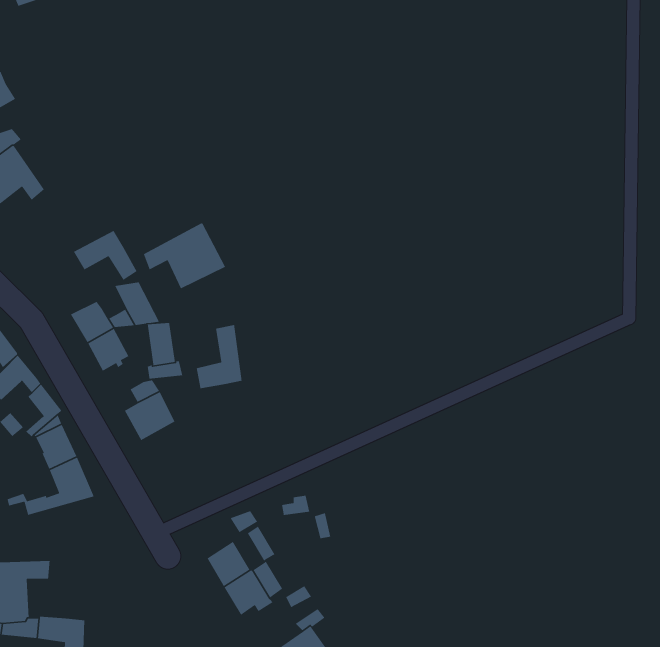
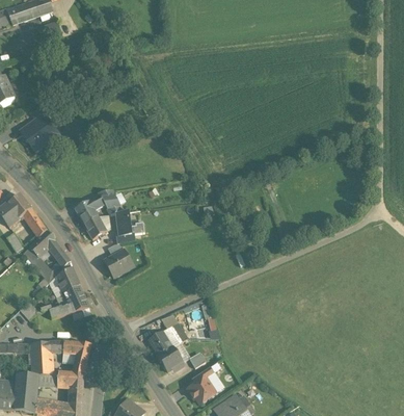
building: [143,223,226,290] -> none
building: [73,230,138,281] -> none
building: [196,324,243,389] -> none
building: none -> [62,341,89,373]

